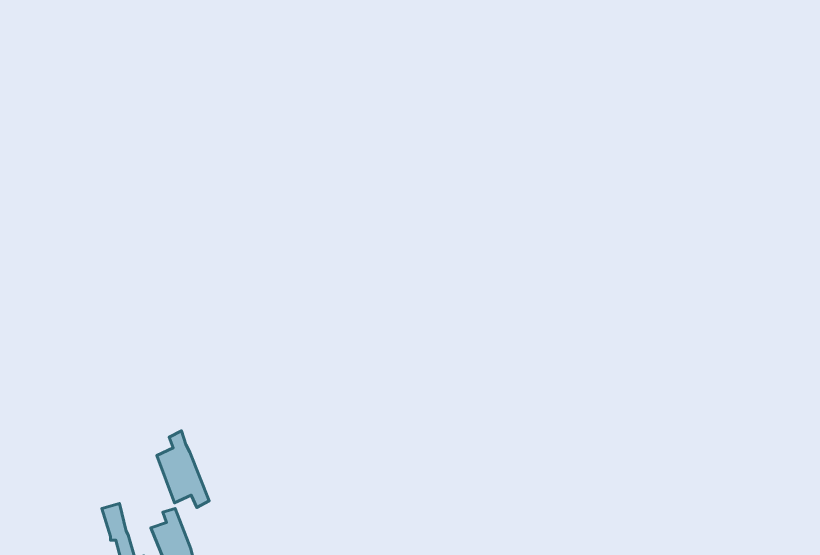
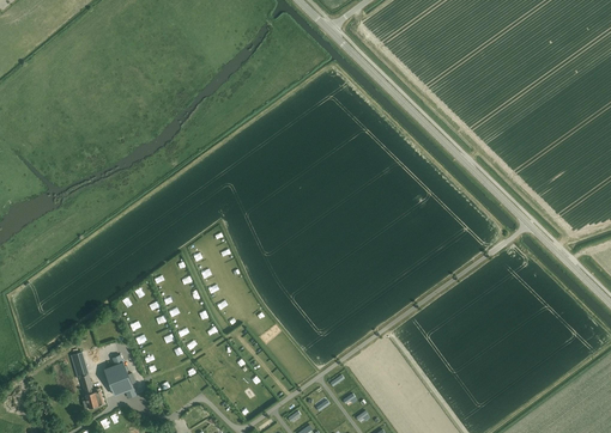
building: [157,431,209,507] -> none

